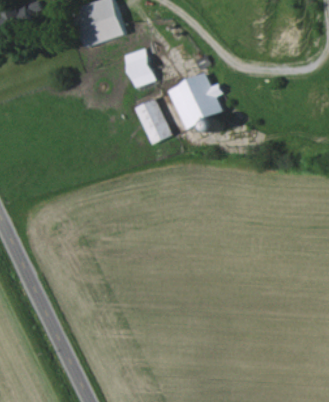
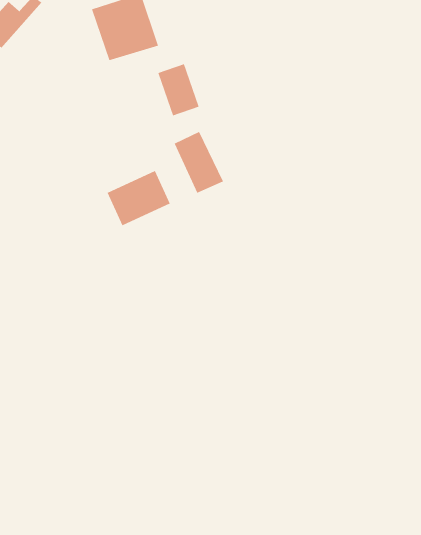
building: [168,73,223,128] -> none
building: none -> [107,170,170,226]

